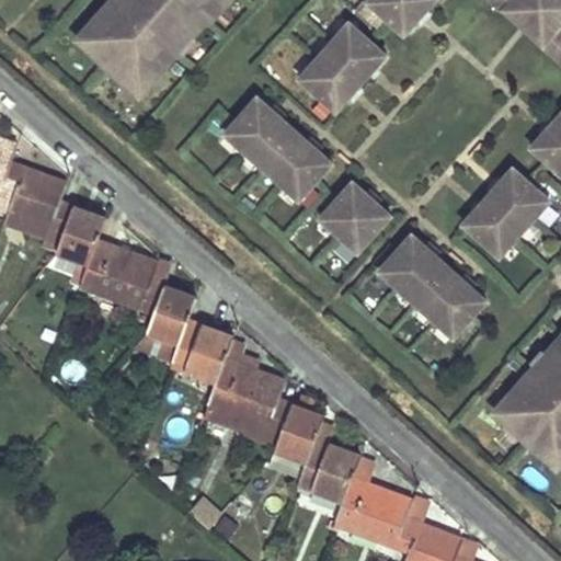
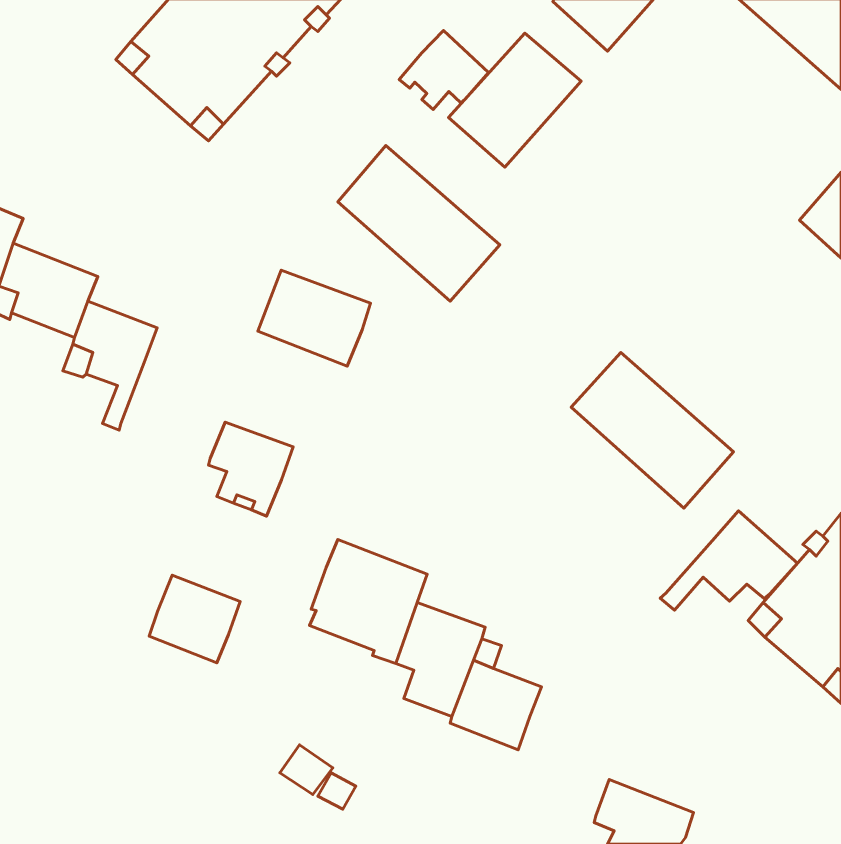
building: none -> [399,31,488,109]
building: [461,167,549,255] -> none
building: [319,181,390,252] -> none
building: [80,240,154,304] -> [258,270,370,366]
building: [171,318,231,376] -> [149,575,240,663]
building: none -> [660,511,798,610]
building: [334,474,411,540] -> none

